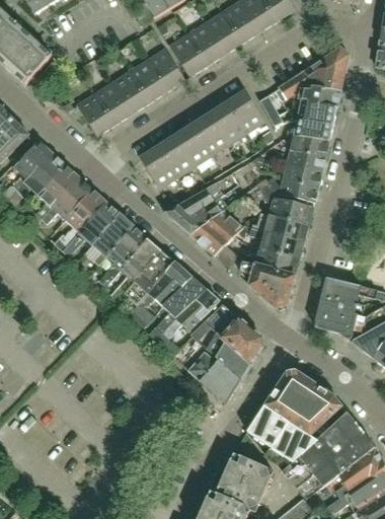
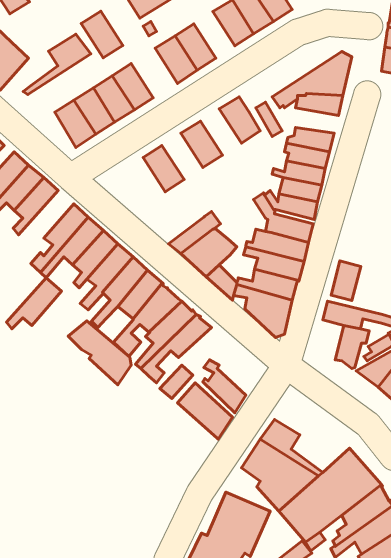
building: [204,11,241,54] -> none
building: none -> [23,34,91,95]
building: [146,48,184,90] -> [81,11,123,58]
building: [290,98,336,123] -> none
building: [210,100,247,143] -> none
building: [174,123,212,165] -> none
building: [139,145,177,188] -> none
building: [43,175,93,222] -> [6,278,62,329]
building: [166,180,222,224] -> none
building: [314,294,341,330] -> [331,261,361,301]
building: [206,304,263,363] -> [68,321,131,385]
building: [278,369,341,429] -> none

